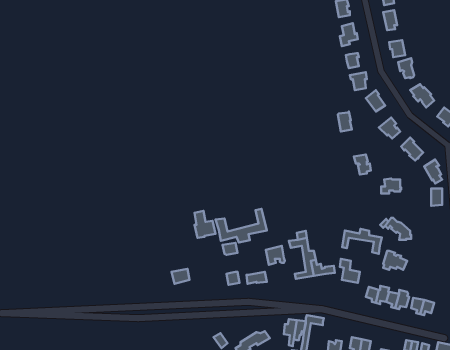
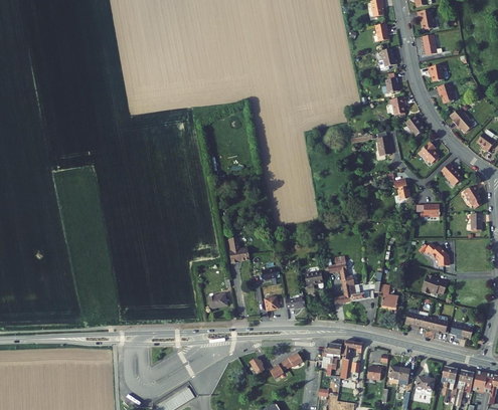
building: [216,209,267,242] -> none
building: [342,229,382,254] -> none

